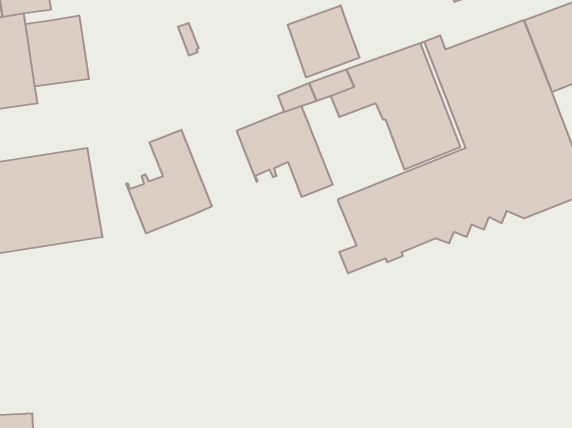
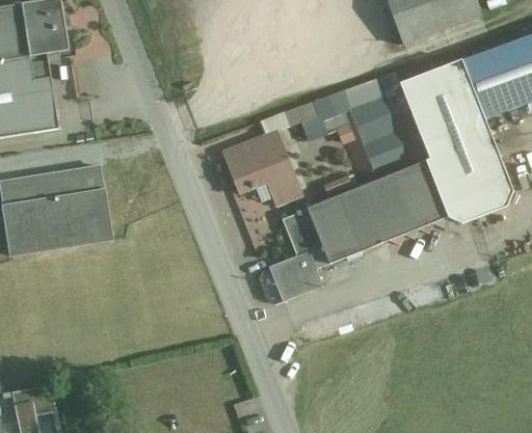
building: [288,5,360,77] -> none
building: [26,15,89,86] -> none
building: [126,130,212,233] -> none
building: none -> [268,209,322,299]

